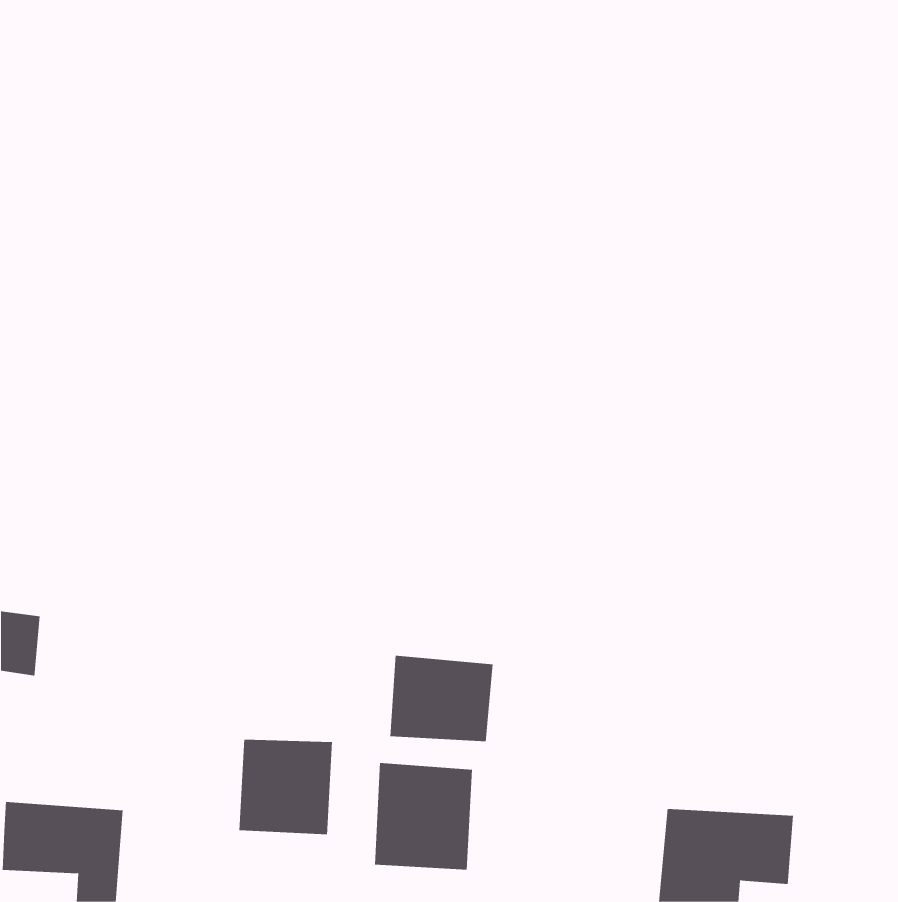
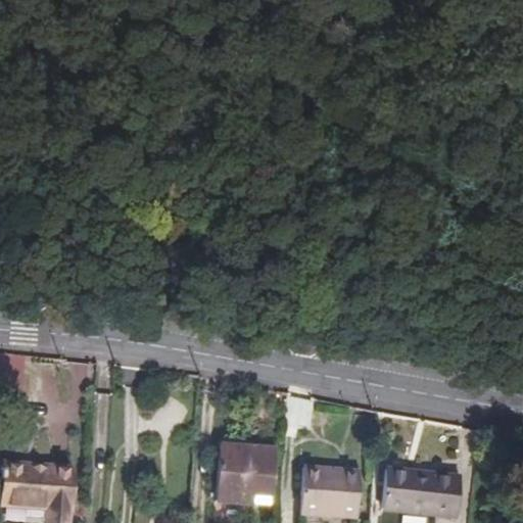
building: [389,655,494,742] -> [300,468,361,518]
building: [239,739,333,835] -> none

